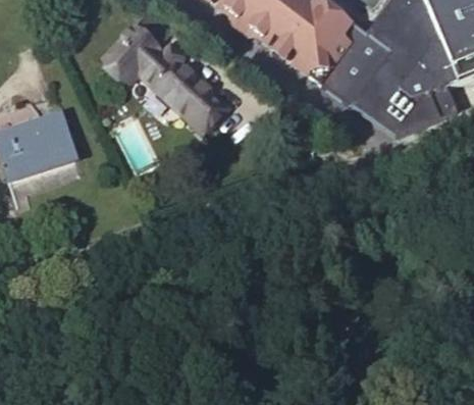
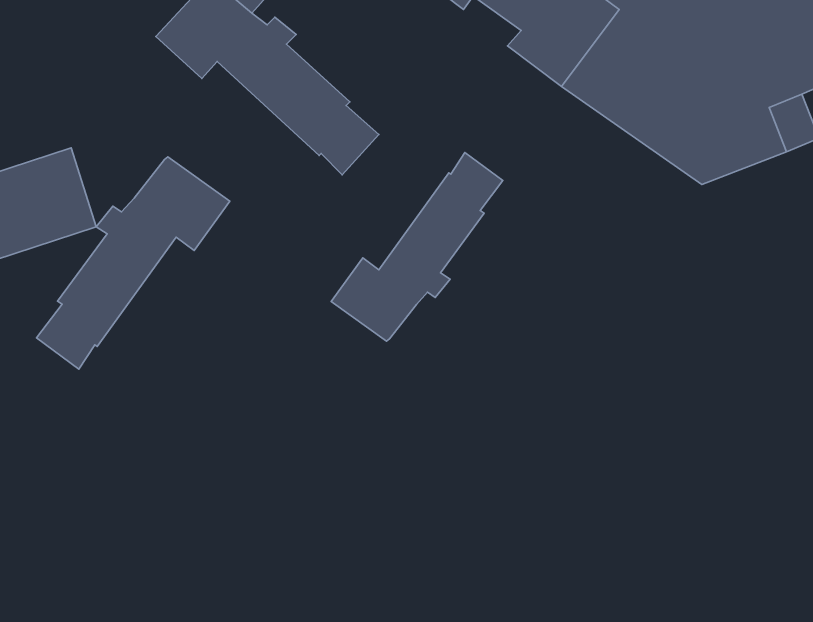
building: none -> [331,153,503,341]
building: none -> [36,157,230,369]

